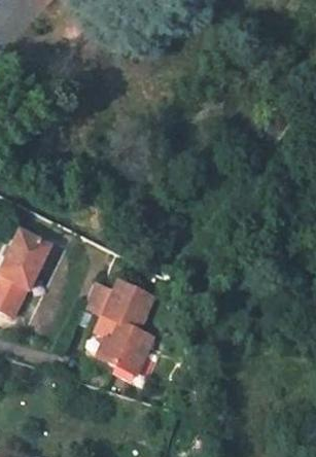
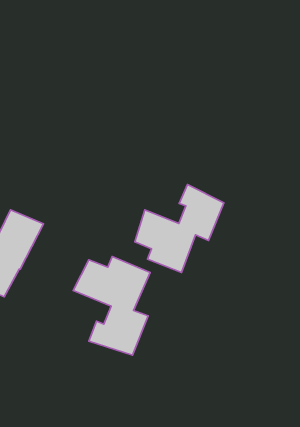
building: none -> [135,184,224,273]

